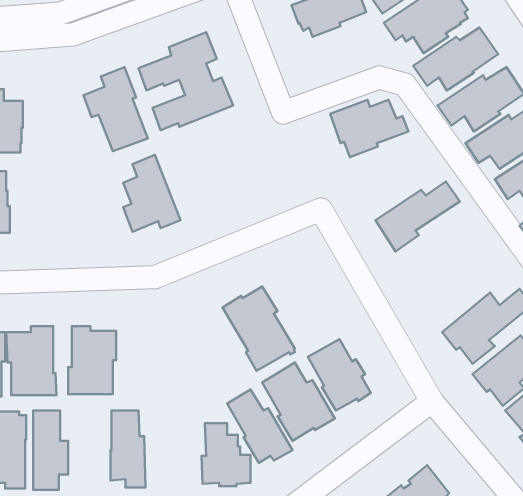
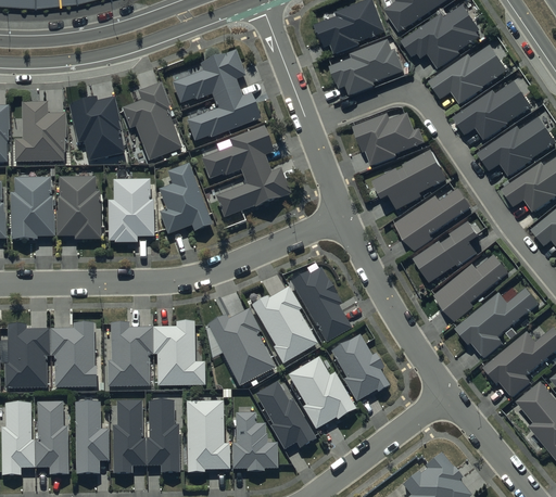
building: none -> [327,38,402,94]
building: none -> [68,97,124,162]
building: none -> [201,125,291,217]
building: none -> [372,149,447,209]
building: none -> [56,177,100,239]
building: none -> [108,179,153,242]
building: none -> [413,220,479,282]
building: none -> [433,254,509,320]
building: none -> [290,268,351,342]
building: none -> [206,297,275,385]
building: none -> [153,321,204,385]
building: none -> [112,400,144,472]
building: none -> [186,400,229,472]

